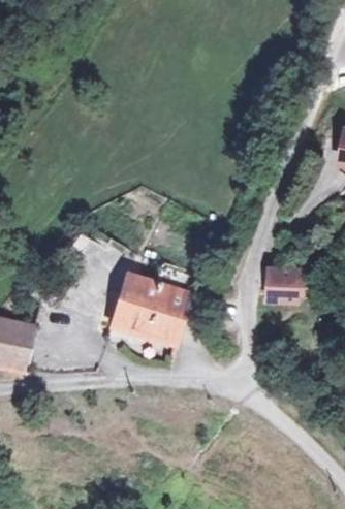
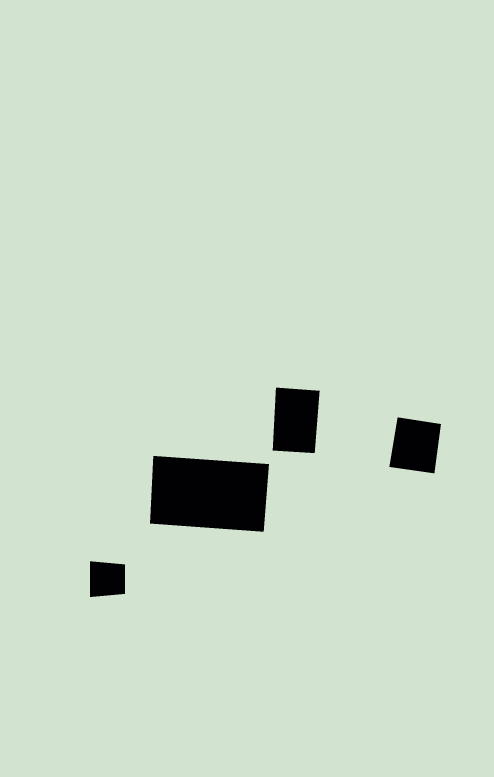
building: none -> [272,387,320,454]

